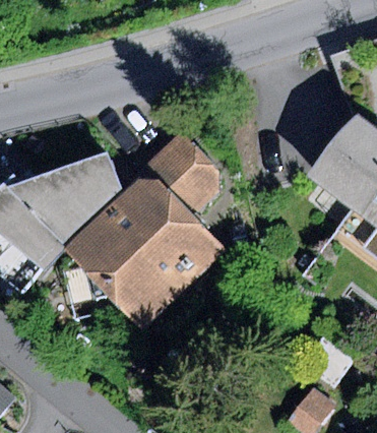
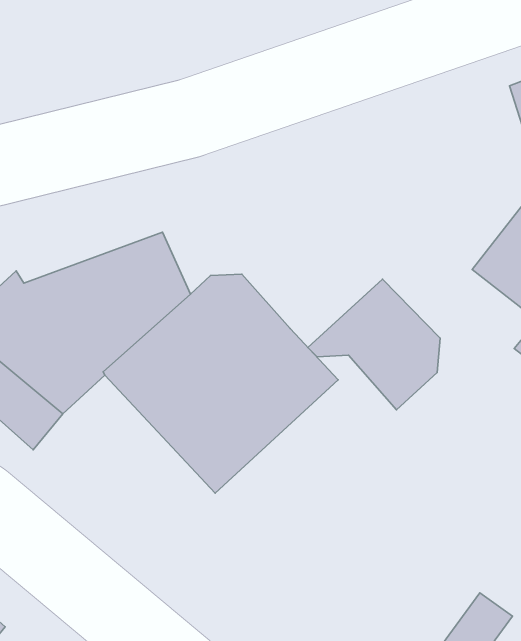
building: [132,131,218,216] -> [308,279,440,410]

